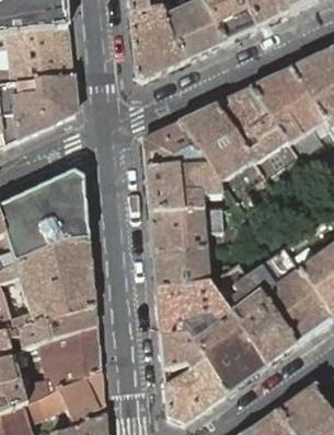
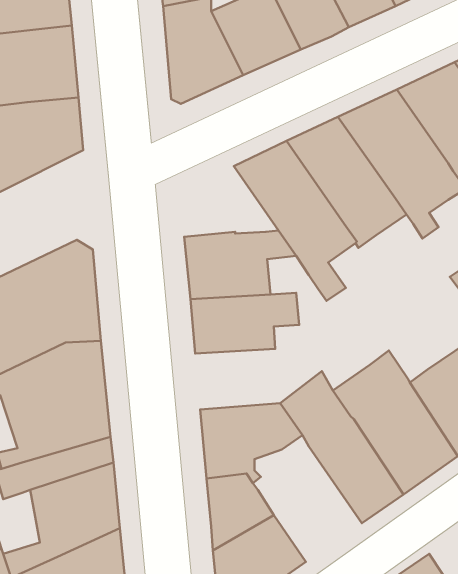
building: [141,119,209,167] -> none
building: [152,244,210,285] -> none
building: [192,303,266,389] -> none

